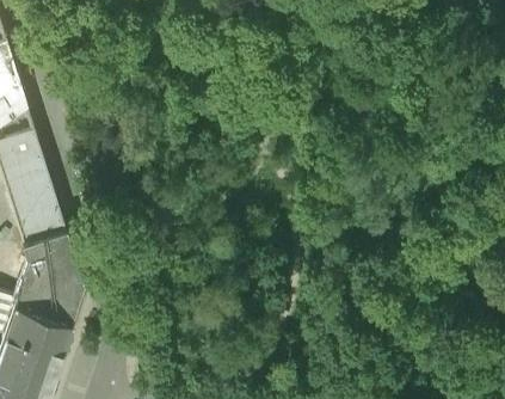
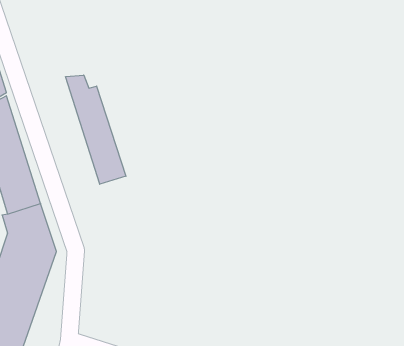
building: none -> [66,75,126,184]

